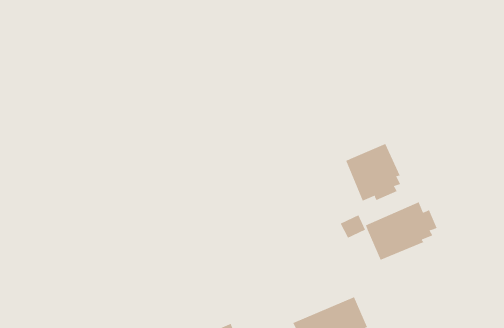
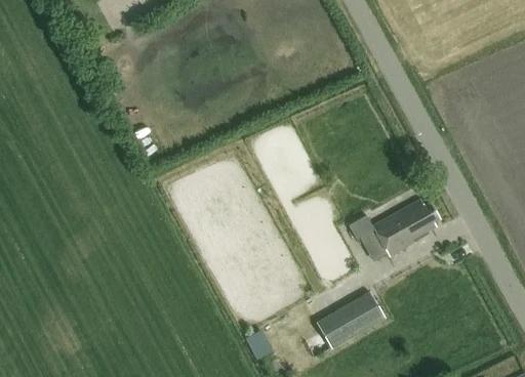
building: [345,143,401,202] -> none

